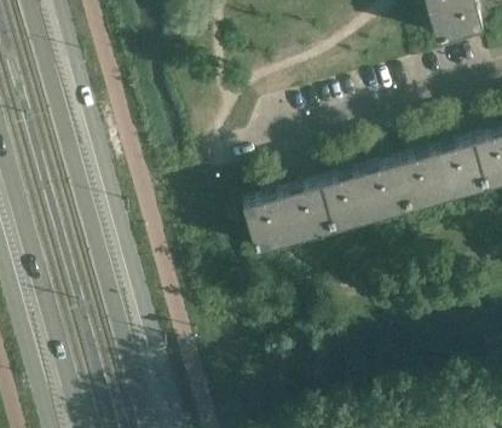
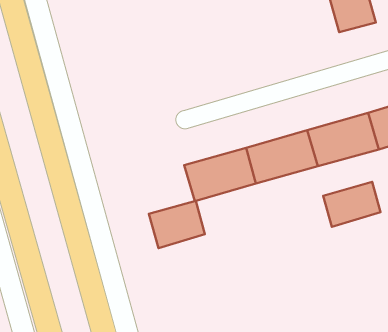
building: none -> [323,182,381,227]
building: none -> [149,201,205,248]

